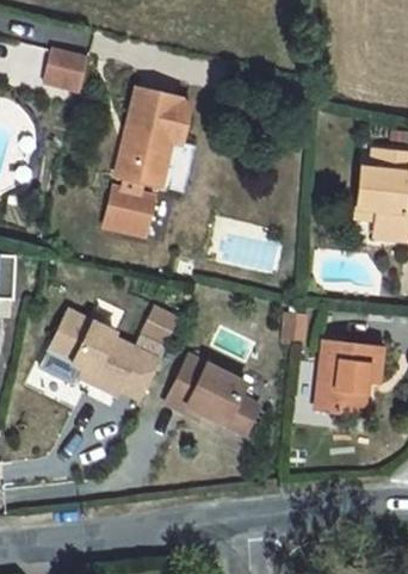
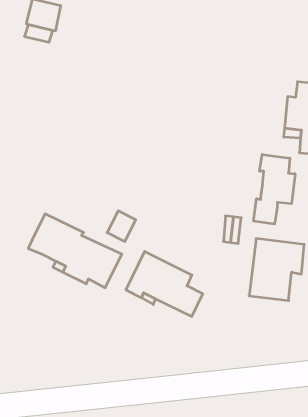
building: [104,86,194,234] -> none
building: none -> [254,154,295,224]

